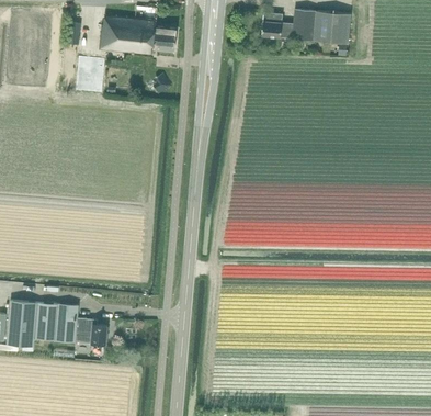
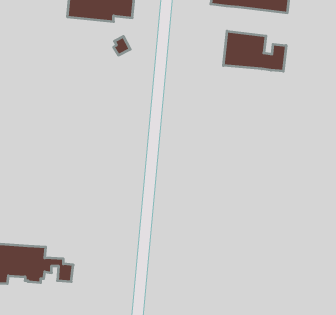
building: [73,56,103,93] -> none
building: none -> [223,31,286,71]

